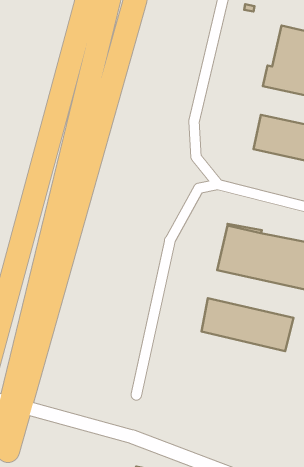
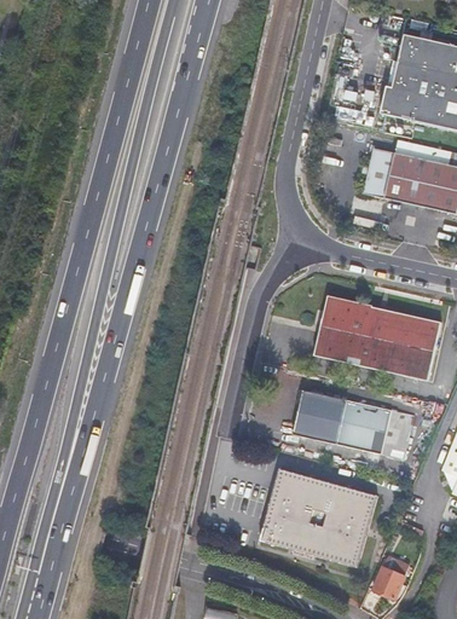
building: none -> [261,467,376,565]
building: none -> [371,562,401,597]

